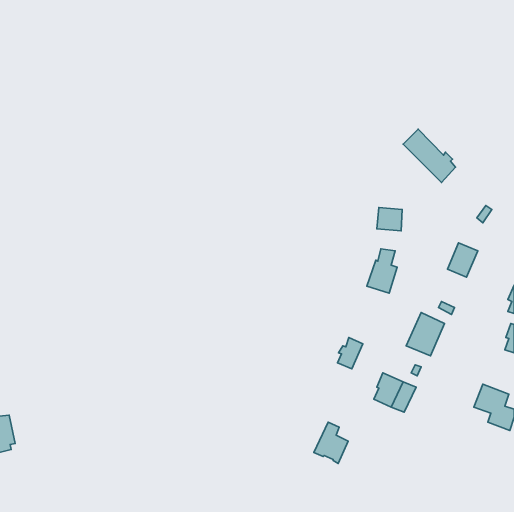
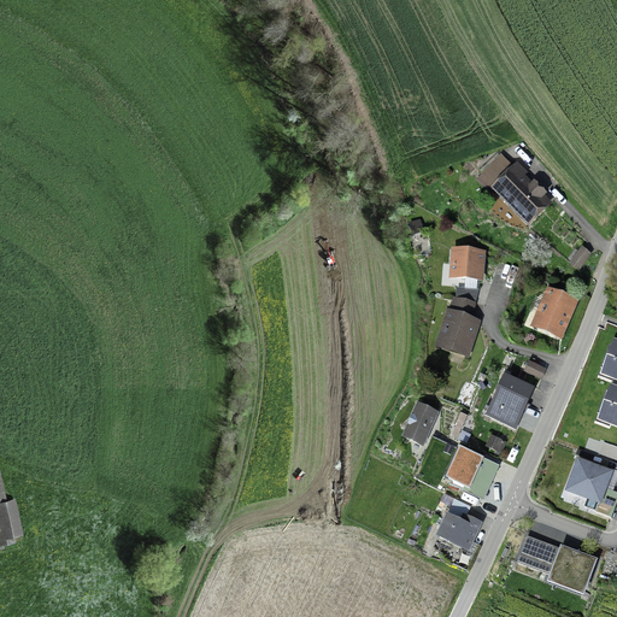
building: [314,422,348,463] -> [437,498,478,547]
building: none -> [517,534,594,589]

